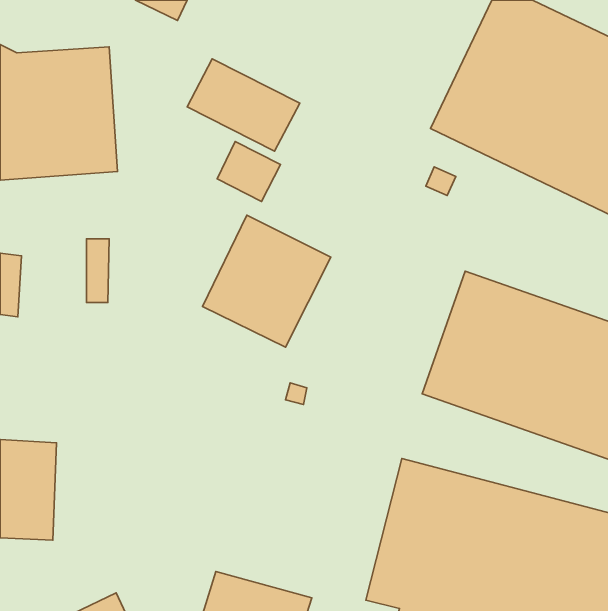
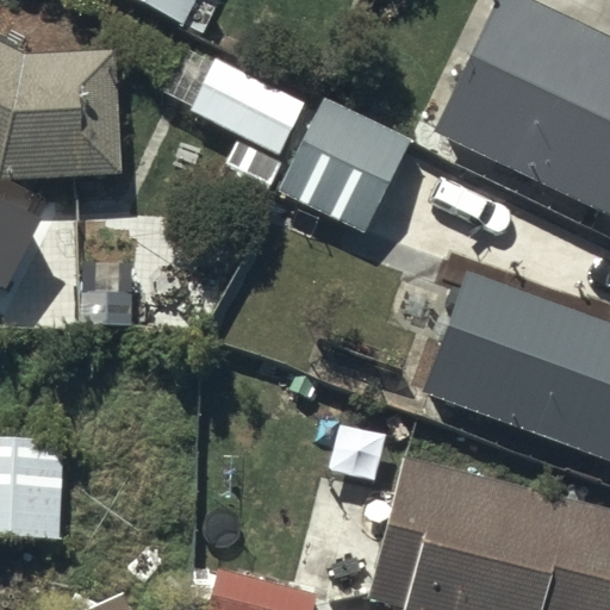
building: [203,215,331,347] -> [281,100,409,231]

